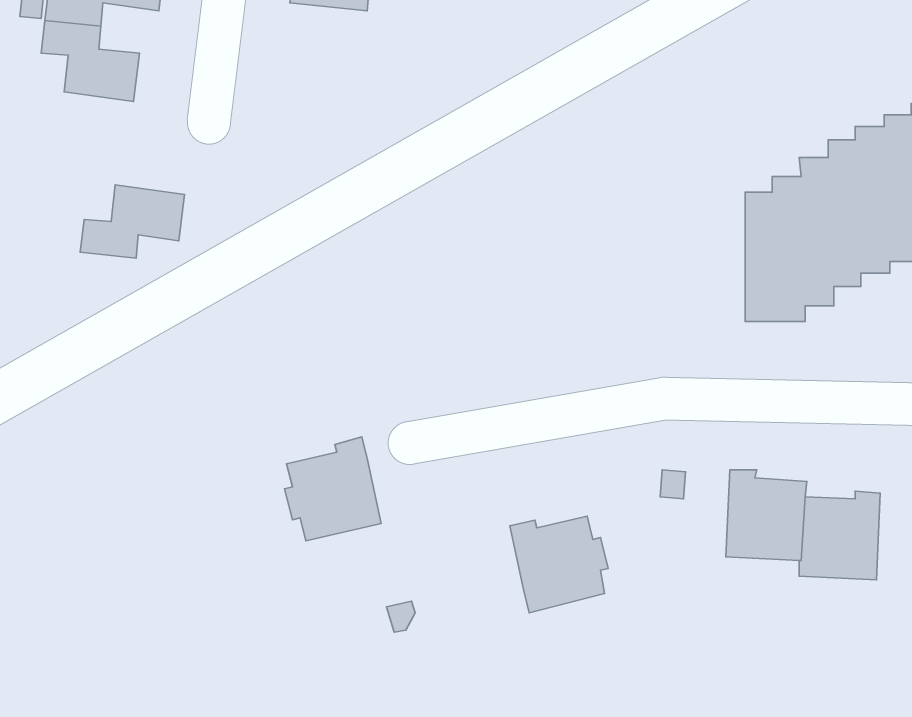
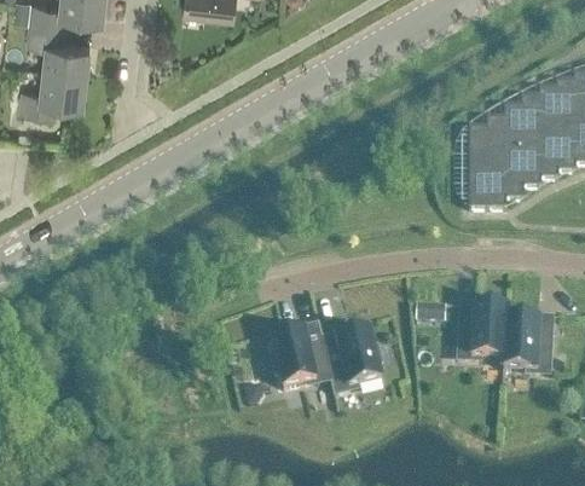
building: [80,185,184,258] -> [21,68,86,114]
building: [285,437,381,541] -> [270,325,330,390]

